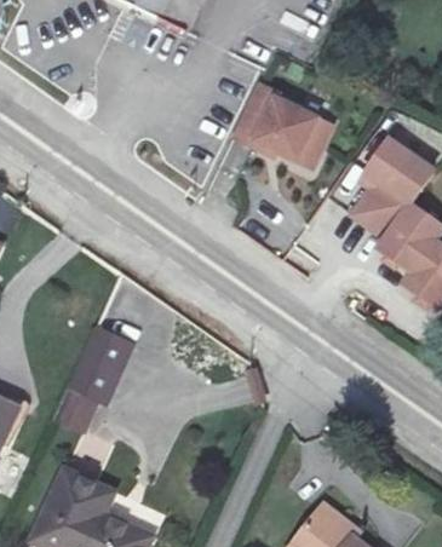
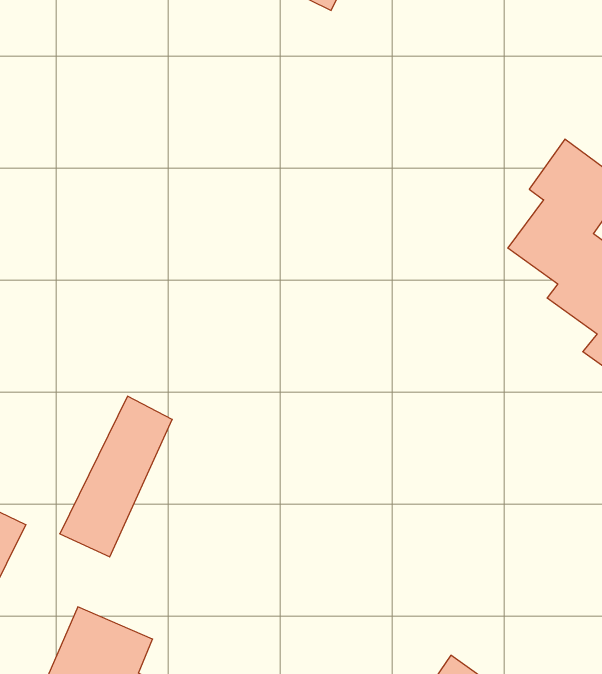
building: [235,85,328,162] -> none

